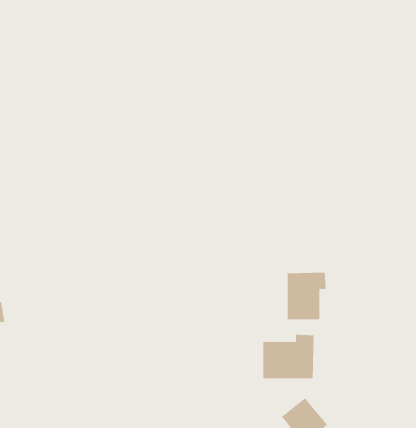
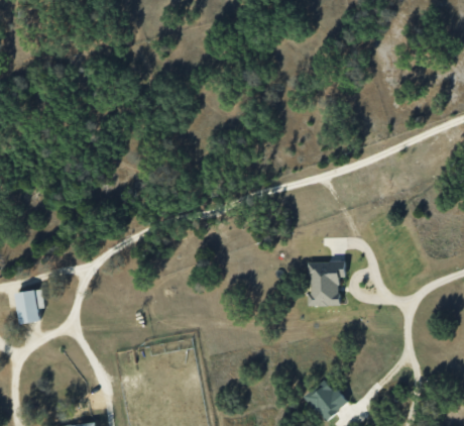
building: [263,334,314,379] -> none

